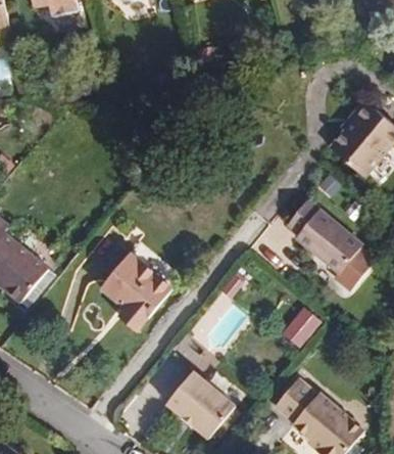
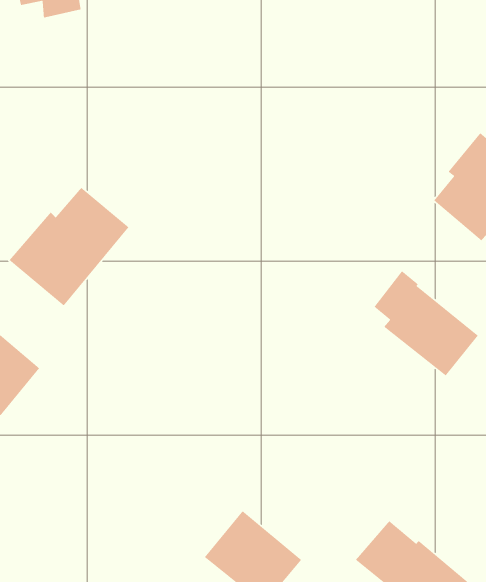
building: none -> [9,187,130,307]
building: [100,253,173,332] -> none
building: [282,307,322,348] -> none

